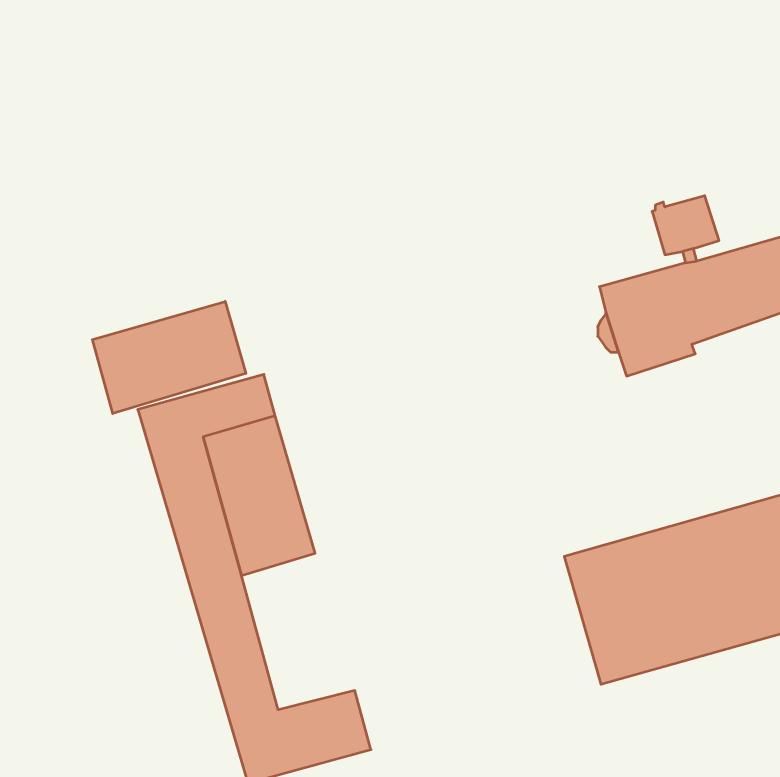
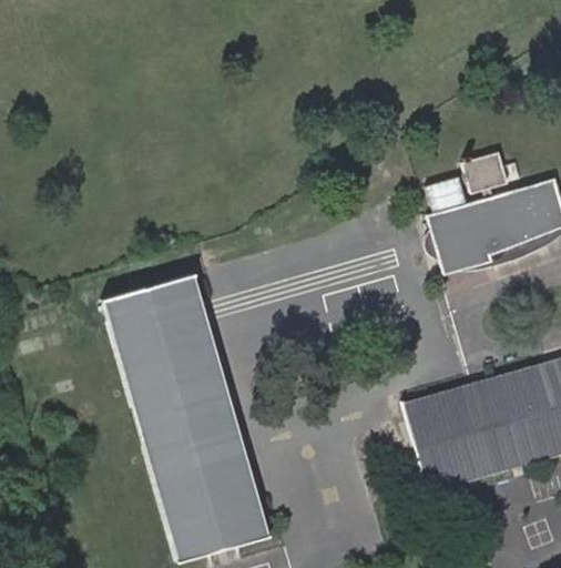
building: [92,301,246,414] -> none
building: none -> [177,400,256,509]

